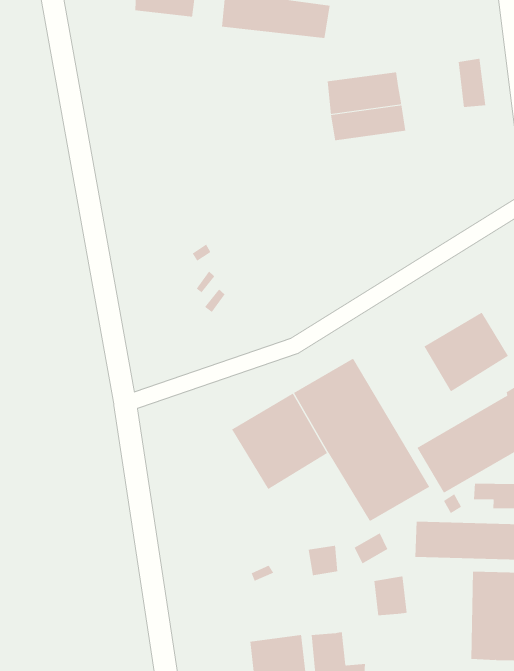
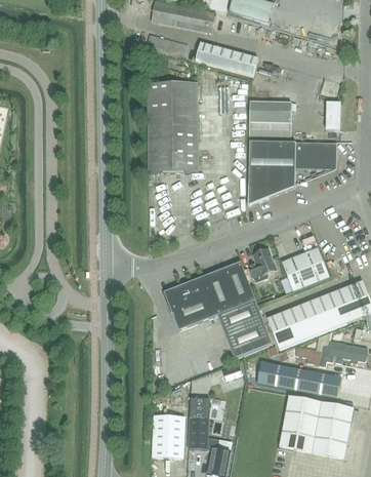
building: none -> [147,82,198,171]
building: none -> [248,141,336,204]
building: none -> [248,247,276,281]
building: [374,576,407,616] -> [190,396,208,418]

